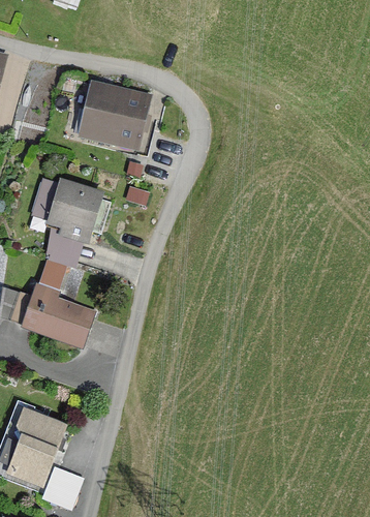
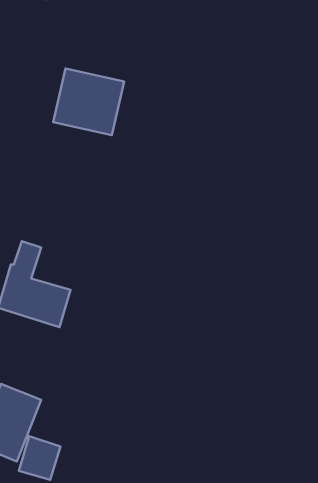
building: [32,179,104,268] -> none

